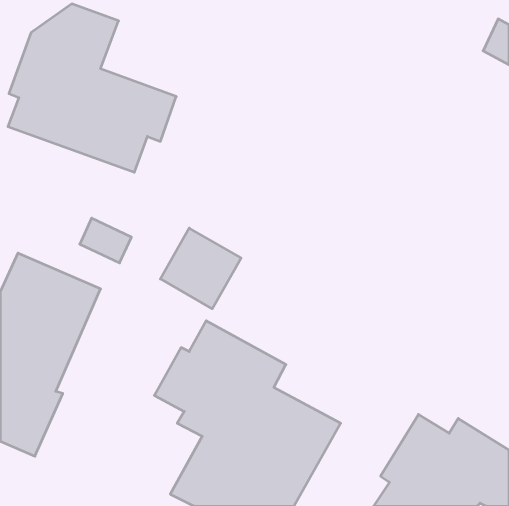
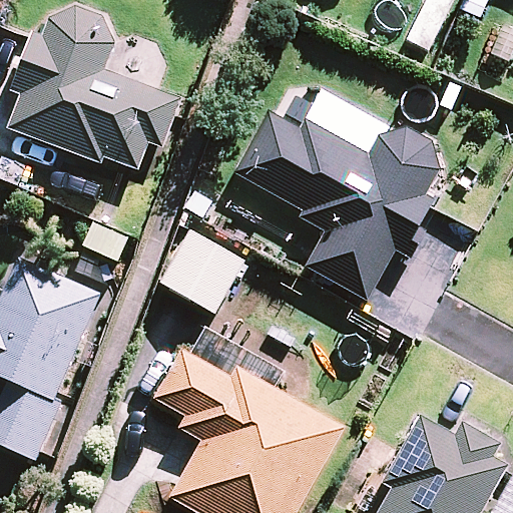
building: none -> [239,115,441,298]

